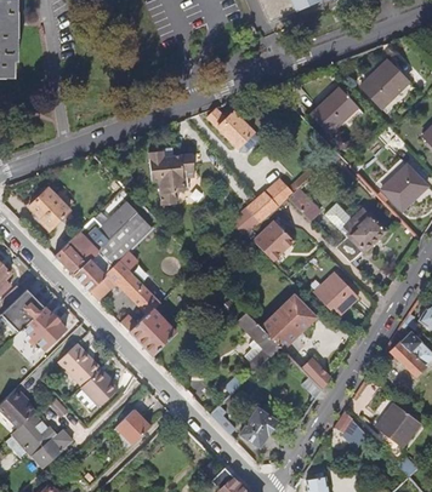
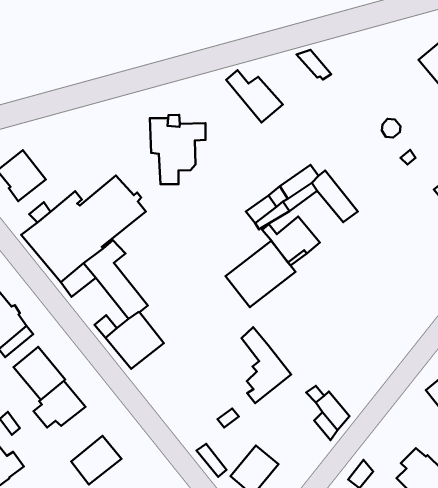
building: [312,87,358,133] -> none
building: [325,204,383,262] -> none
building: [316,273,358,314] -> none
building: [261,294,317,349] -> [225,241,295,307]

